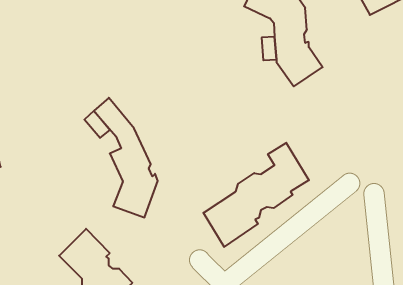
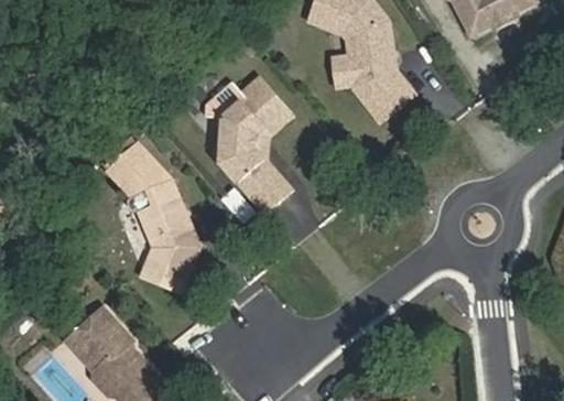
building: none -> [206,79,285,207]
building: [203,143,309,247] -> none

